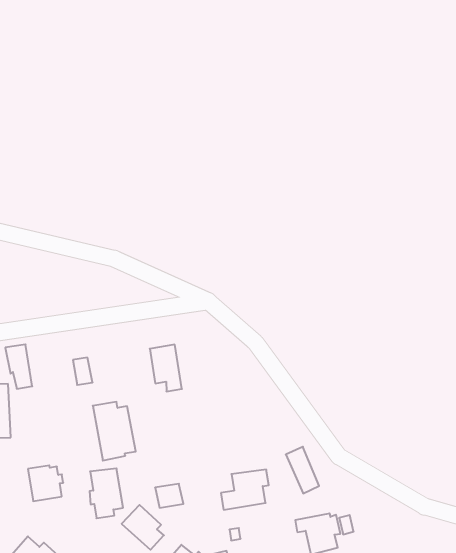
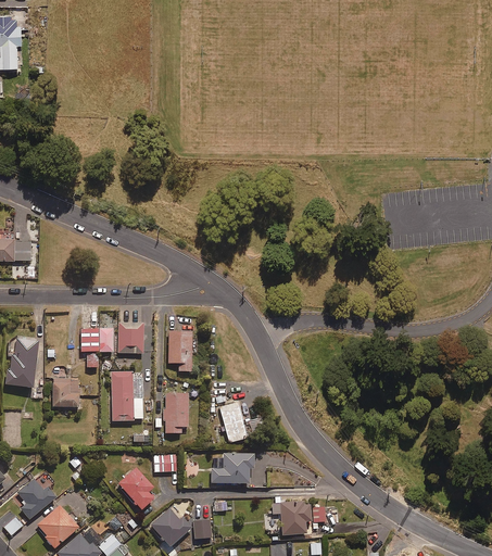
building: [5,344,32,389] -> [80,329,99,367]
building: none -> [117,323,143,354]
building: [286,447,319,493] -> [219,402,244,443]
building: [28,465,63,501] -> [51,379,80,408]
building: [90,468,123,518] -> [161,391,189,433]

